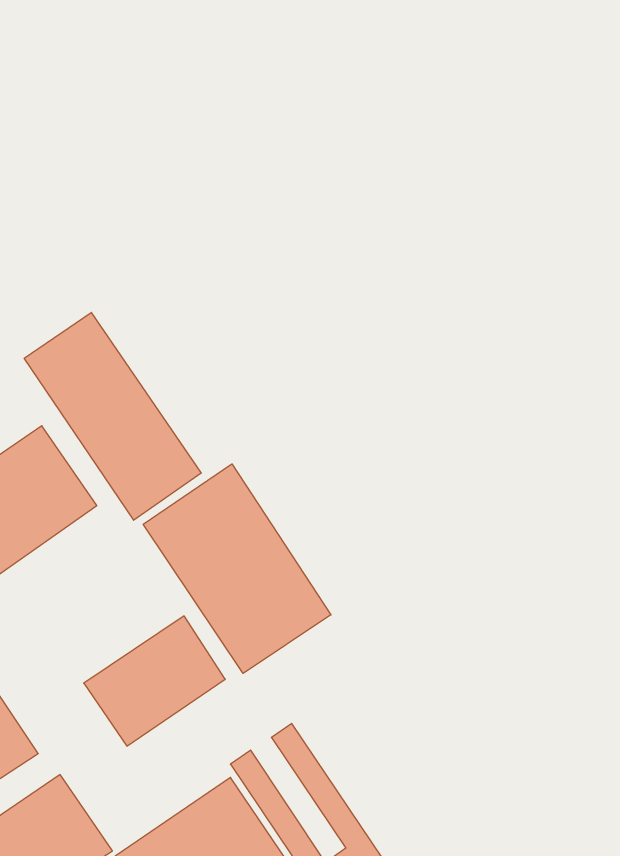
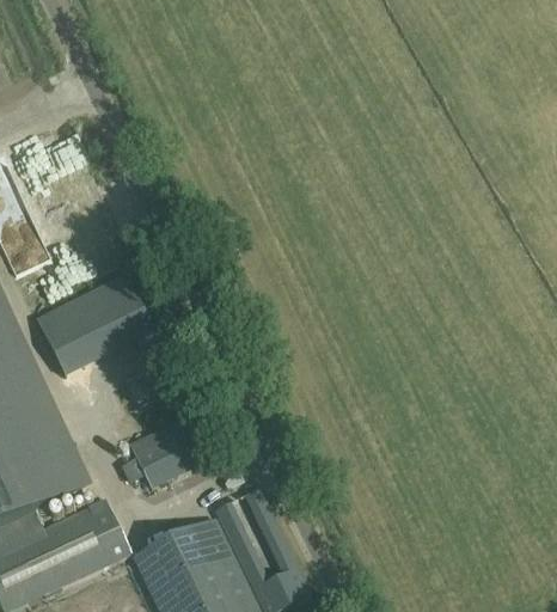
building: [24,312,201,520] -> none
building: [143,464,331,673] -> none

